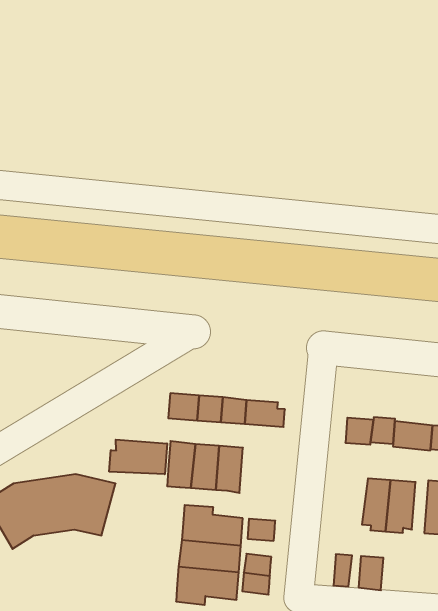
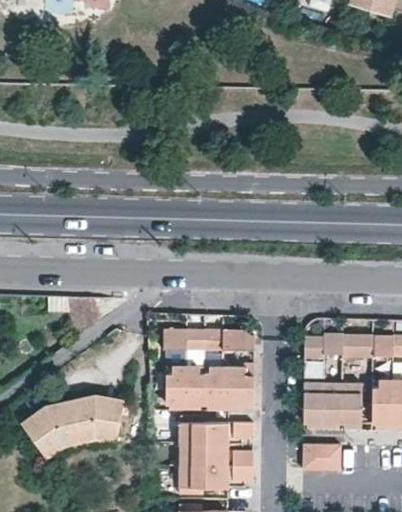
building: [109,440,167,474] -> none
building: none -> [223,362,254,403]
building: none -> [303,383,324,424]

